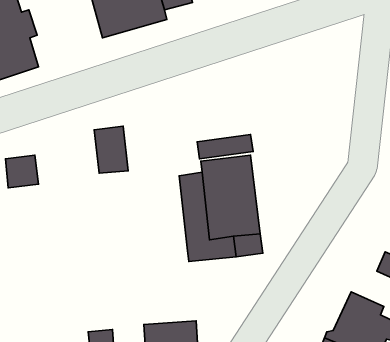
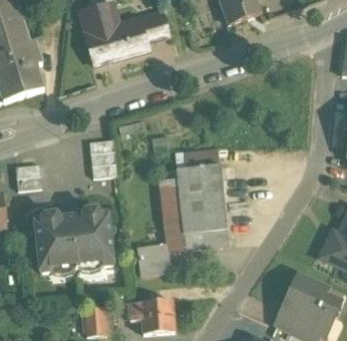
building: none -> [35,208,112,271]
building: none -> [139,241,170,275]

